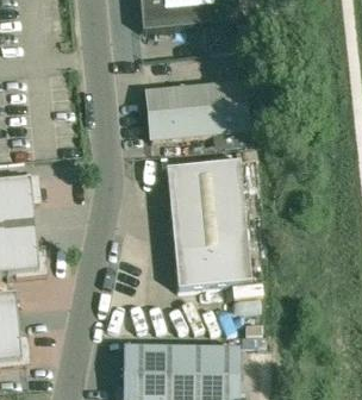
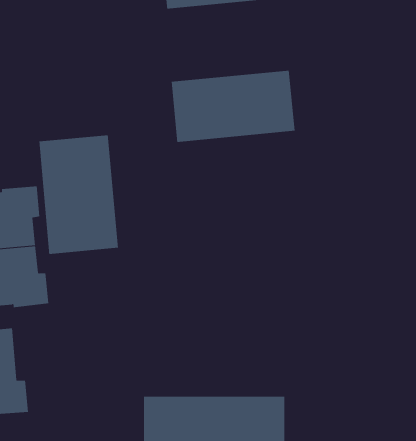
building: none -> [39,134,119,255]
building: [166,158,250,287] -> none

